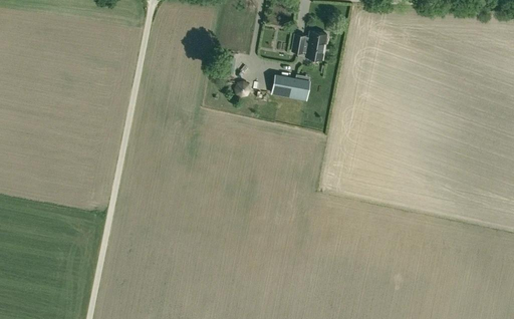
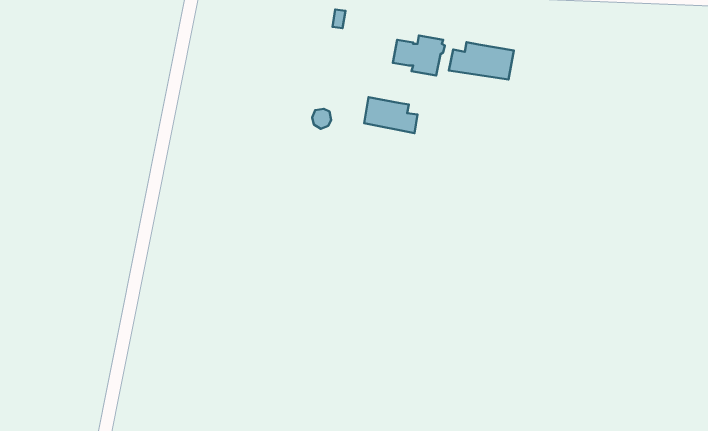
building: none -> [449,42,514,80]

